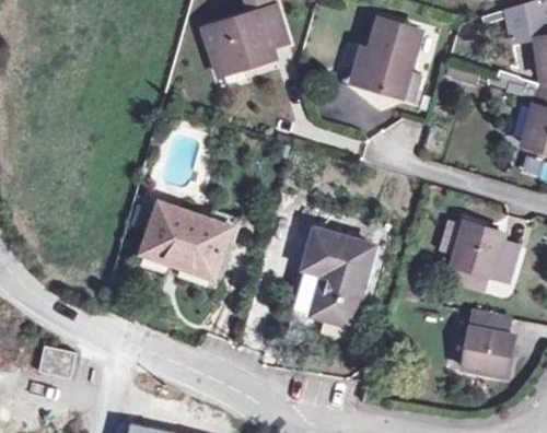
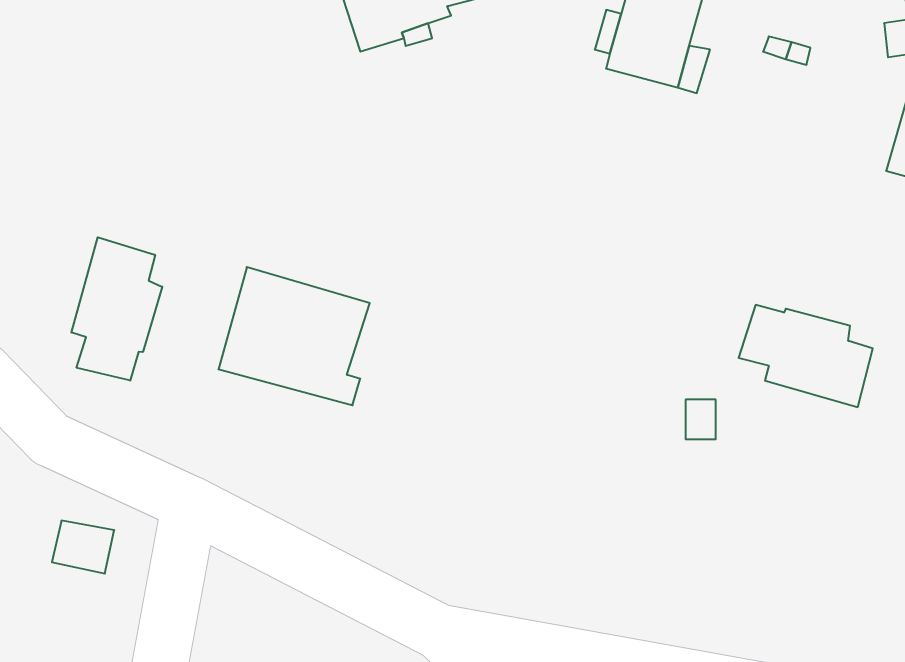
building: none -> [71,237,162,381]
building: [288,231,371,327] -> none
building: [463,312,512,375] -> none

